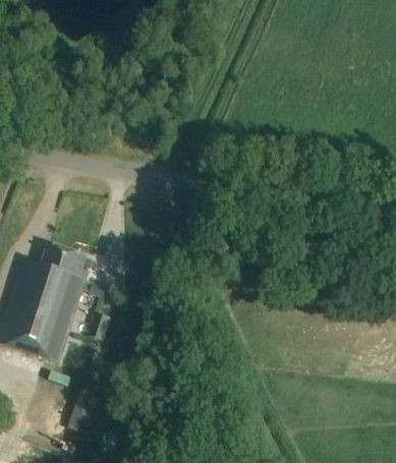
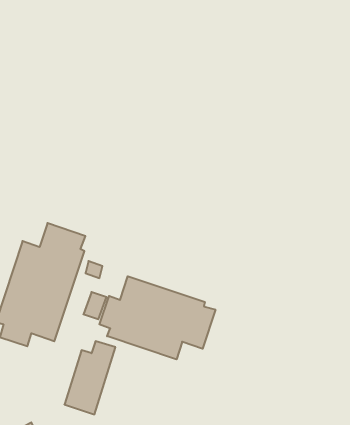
building: none -> [99,276,215,359]

